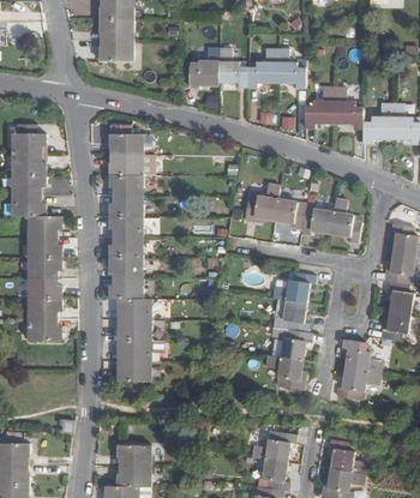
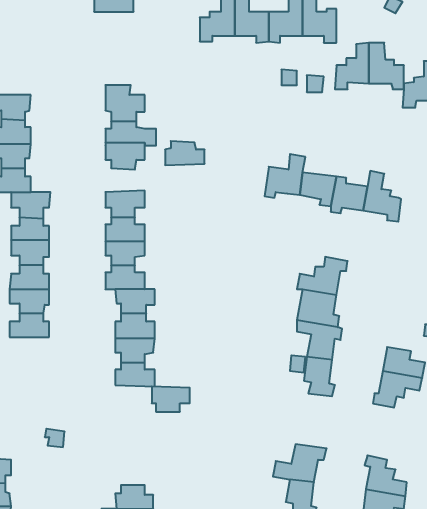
building: [108,196,142,216] -> [165,141,205,165]
building: [118,444,150,466] -> [152,386,190,412]

